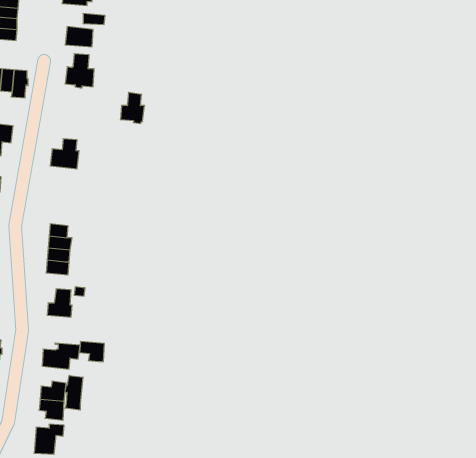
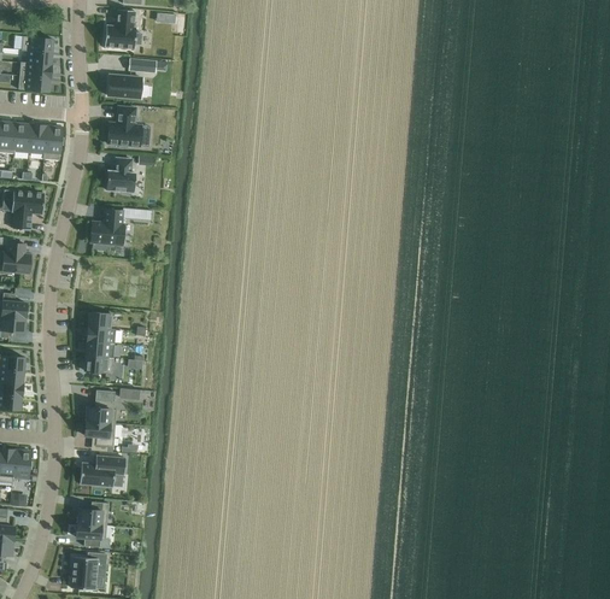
building: [120,92,145,124] -> [106,158,135,195]
building: [79,342,104,362] -> [84,422,115,446]
building: [65,375,83,410] -> none

